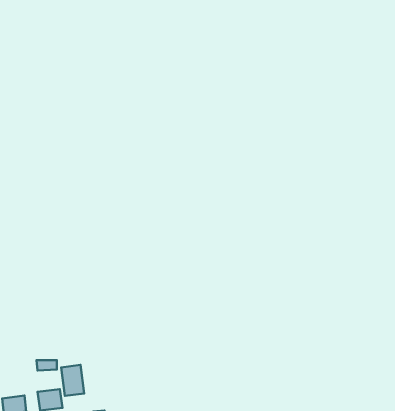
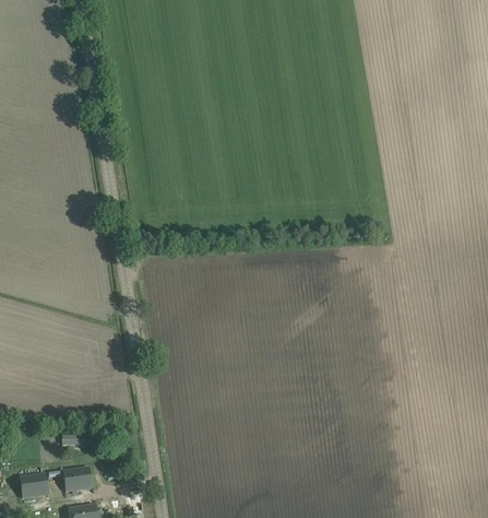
building: [61,365,84,396] -> none

